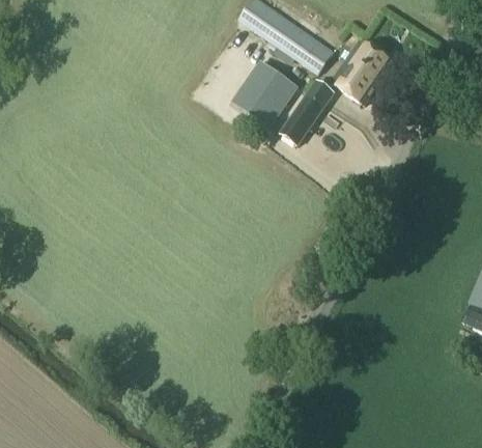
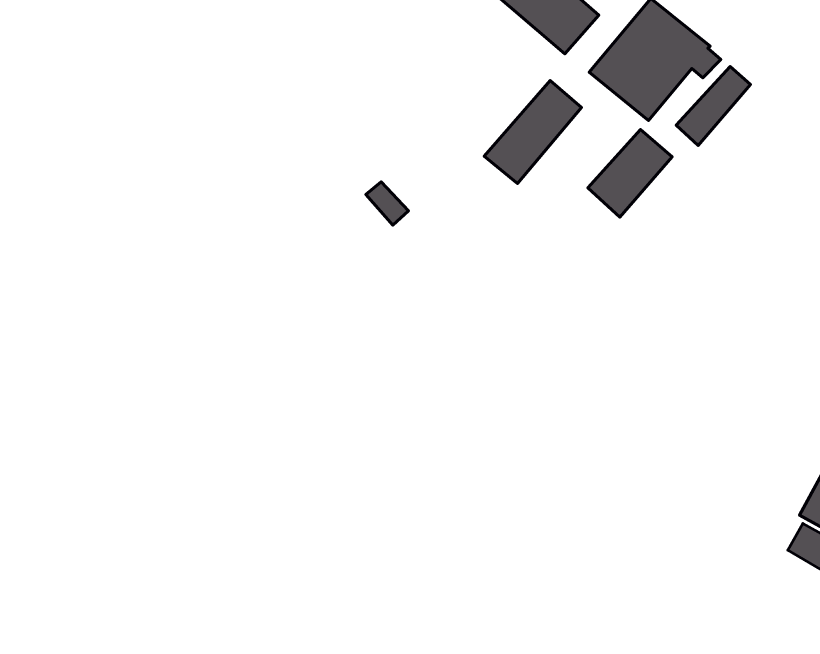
building: [236,63,290,127] -> none
building: none -> [588,130,672,217]

